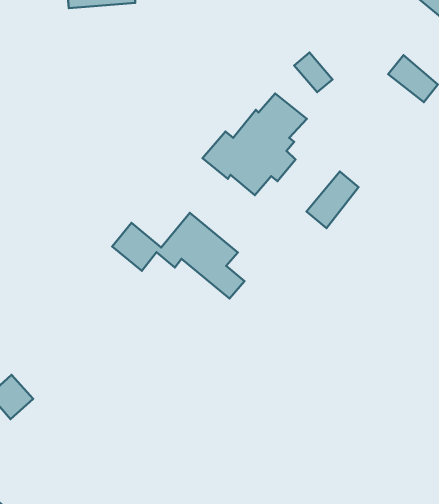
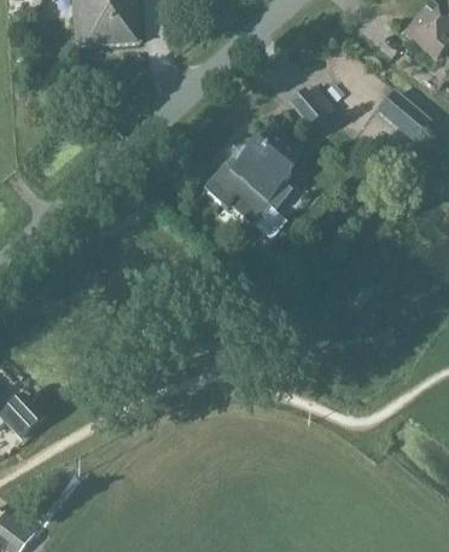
building: [306,172,358,228] -> none
building: [112,213,245,298] -> none

